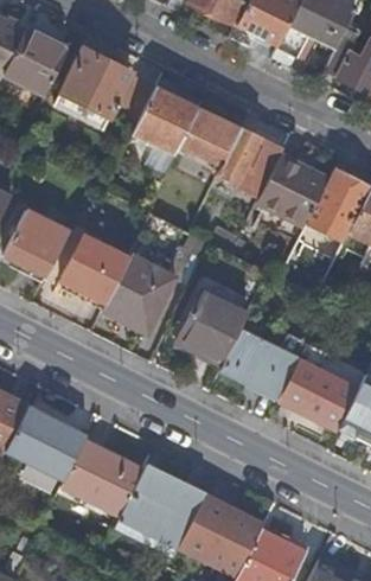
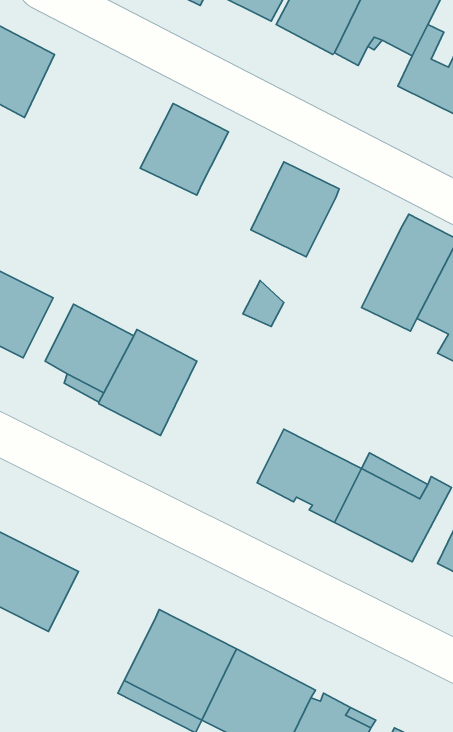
building: [55,47,132,127] -> none
building: [179,106,241,179] -> none
building: [256,154,328,225] -> none
building: [183,277,255,364] -> none
building: [62,440,145,515] -> none

